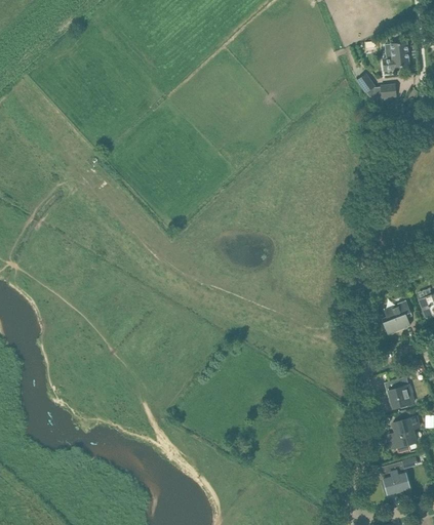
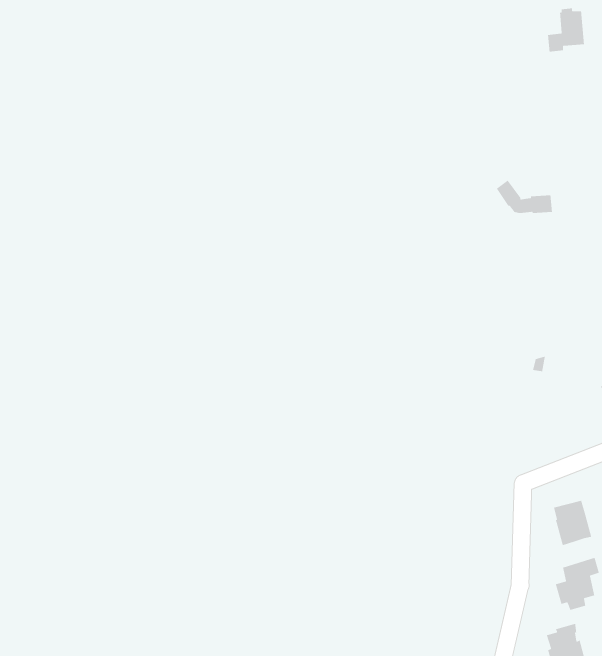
building: [357,74,396,97] -> [496,179,553,214]
building: [383,299,410,334] -> none

